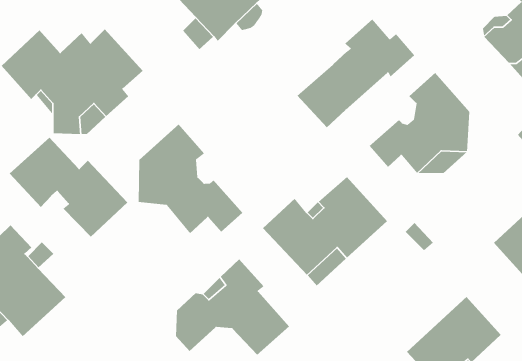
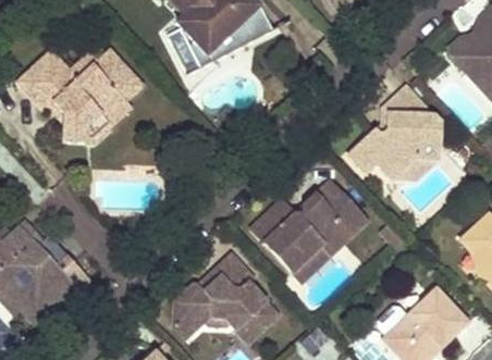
building: [297,19,415,128] -> none
building: [138,123,243,234] -> none
building: [9,137,128,238] -> none

